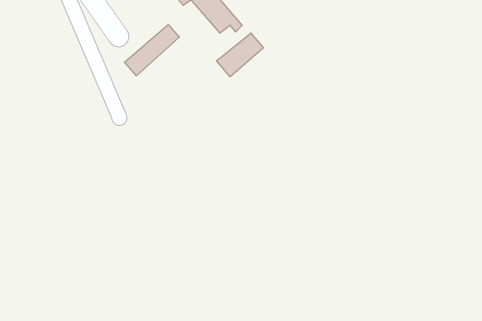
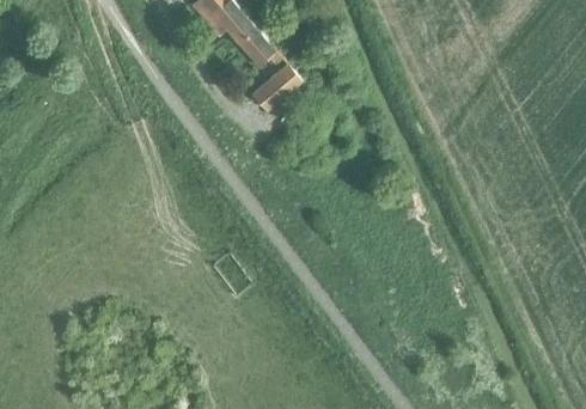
building: [125,25,179,76] -> none

